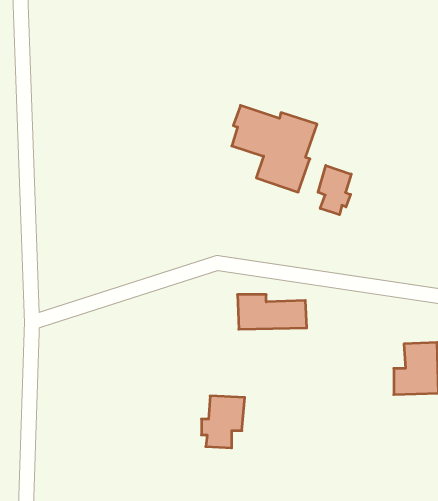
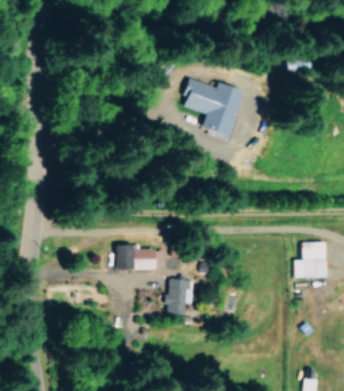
building: [318,165,351,215] -> none
building: [237,295,307,329] -> [115,245,163,269]

